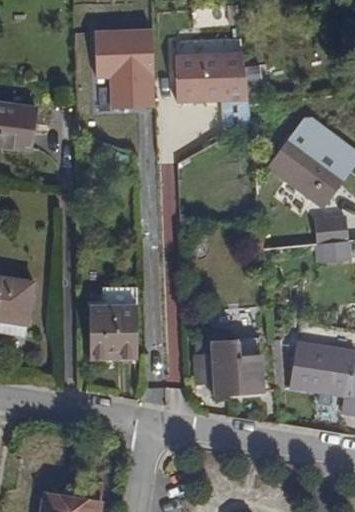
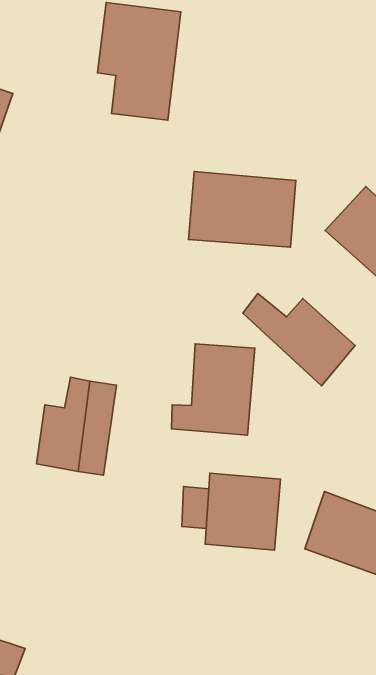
building: [173,48,248,100] -> [188,172,296,247]
building: none -> [243,294,355,386]
building: none -> [172,344,255,435]

